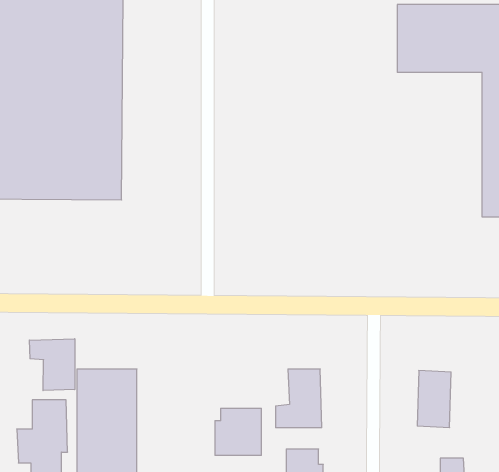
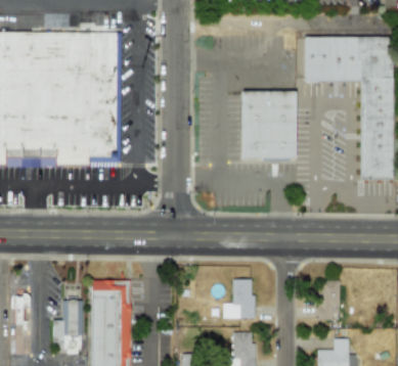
building: none -> [241,90,296,158]
building: [29,339,75,391] -> none
building: [215,408,261,455] -> none

